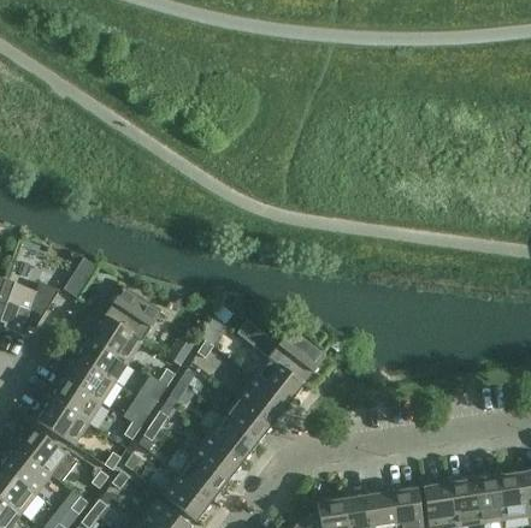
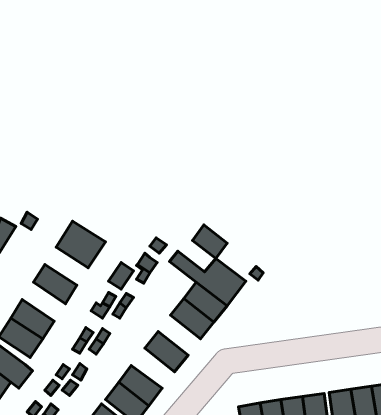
building: none -> [192,225,227,258]
building: [90,316,141,361] -> none
building: [64,357,114,403] -> none
building: [223,396,272,443] -> none
building: [191,434,242,481] -> none

